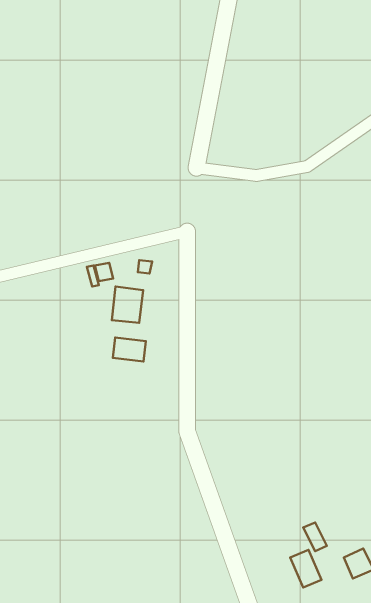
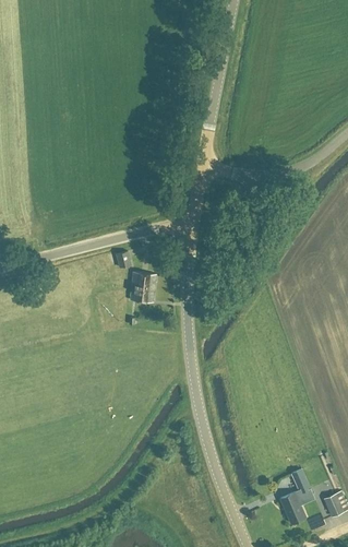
building: [113,338,146,361] -> none

